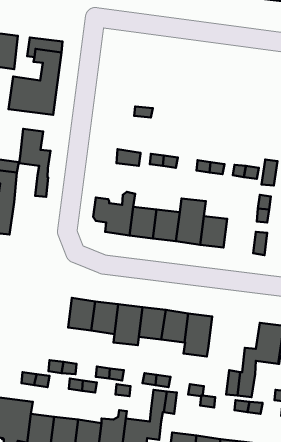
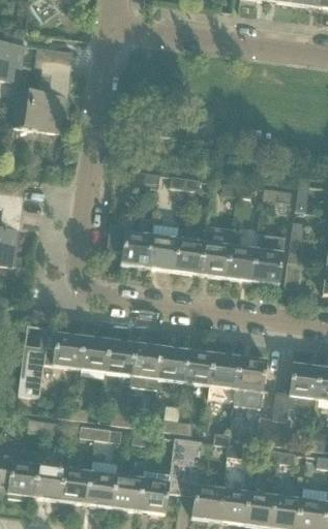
building: [19,129,50,197] -> none
building: none -> [254,232,287,283]
building: none -> [20,333,85,397]
building: none -> [235,356,268,408]

